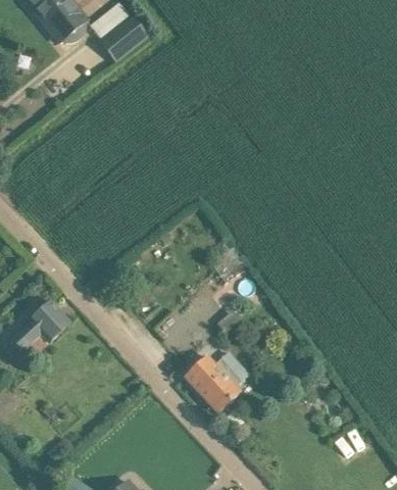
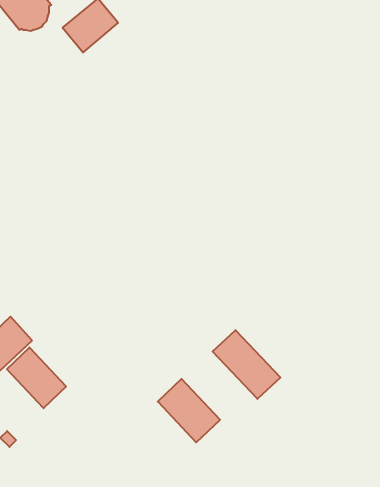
building: none -> [213,330,280,399]
building: none -> [7,347,66,408]

